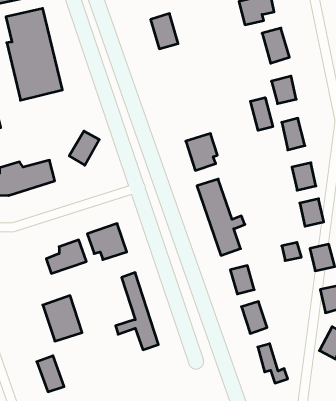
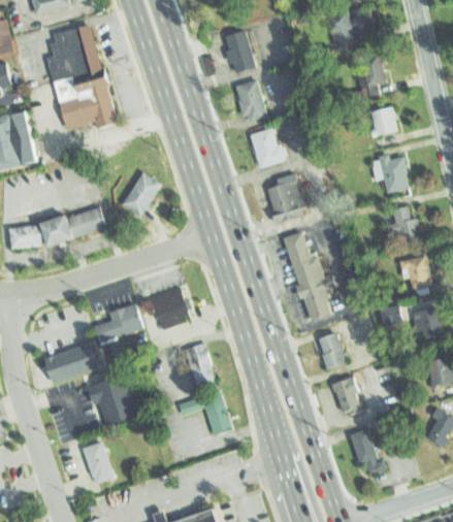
building: none -> [235,79,267,122]
building: none -> [250,125,282,167]
building: [250,98,273,130] -> none
building: none -> [47,340,96,381]

